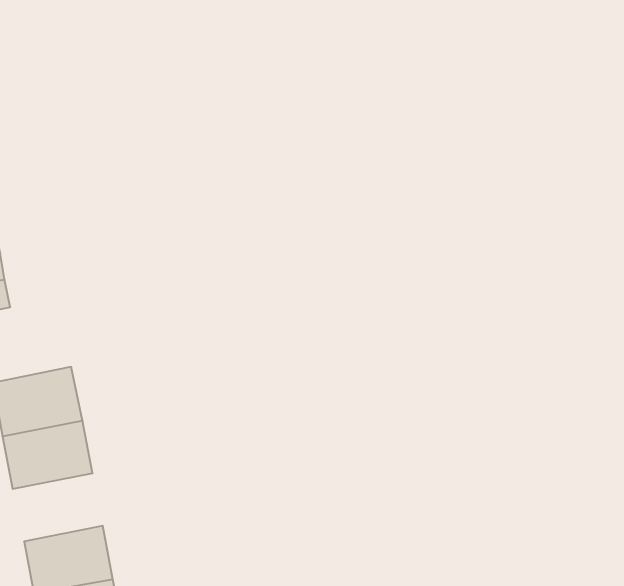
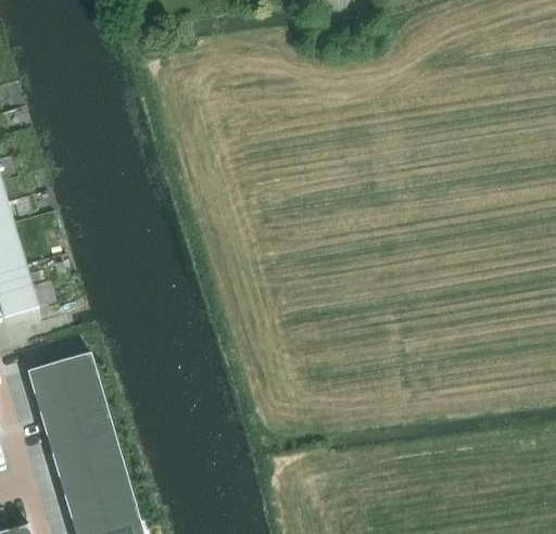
building: none -> [52,435,127,495]

